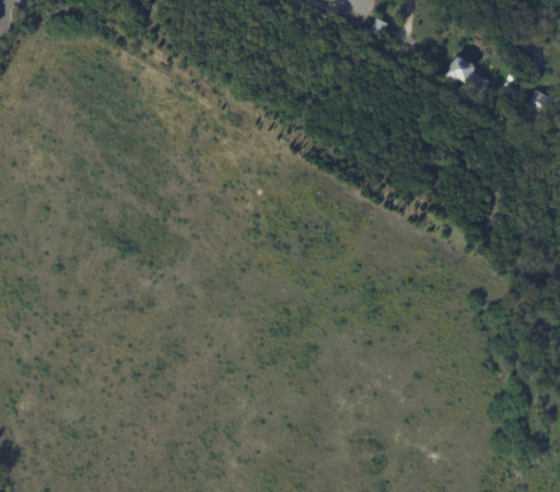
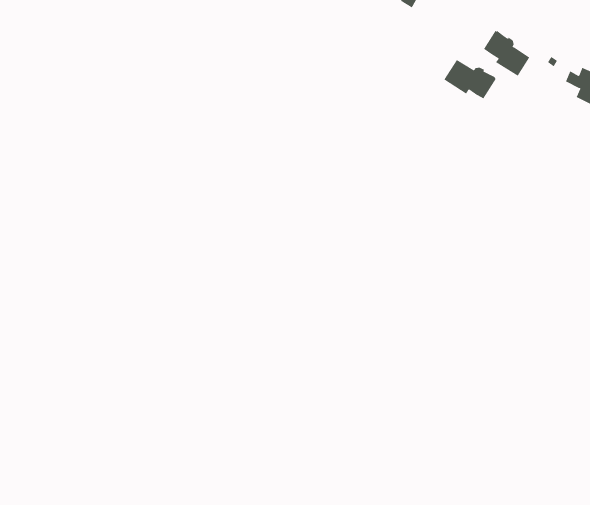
building: none -> [444,59,497,99]

